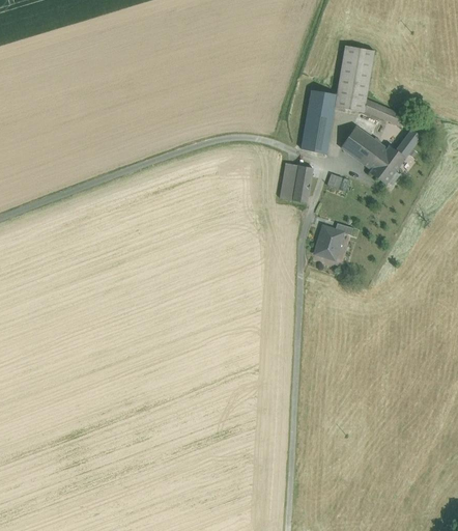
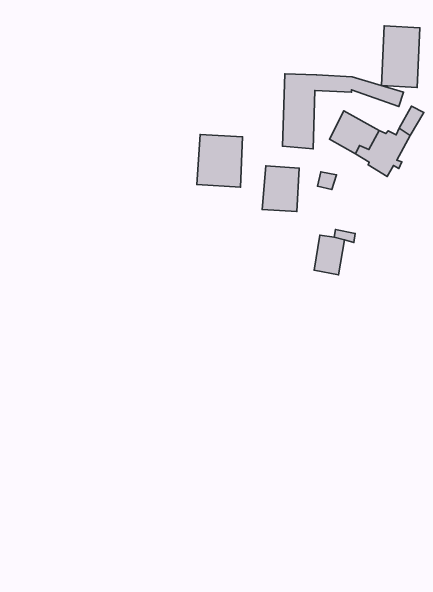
building: [337,45,374,99] -> [381,26,420,88]
building: none -> [197,134,242,187]

